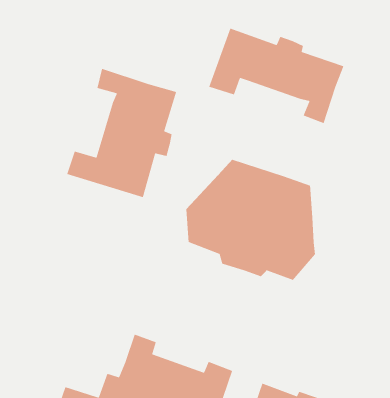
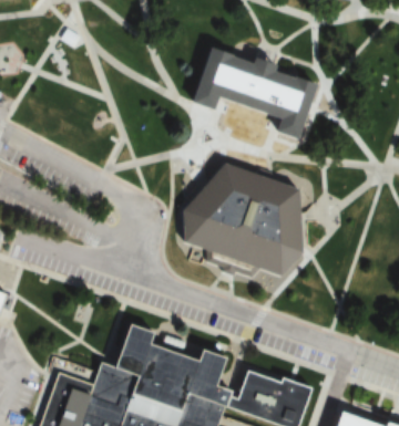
building: [66,68,177,198] -> none

